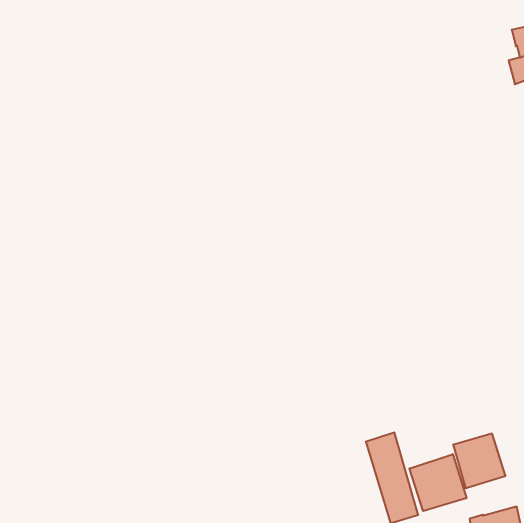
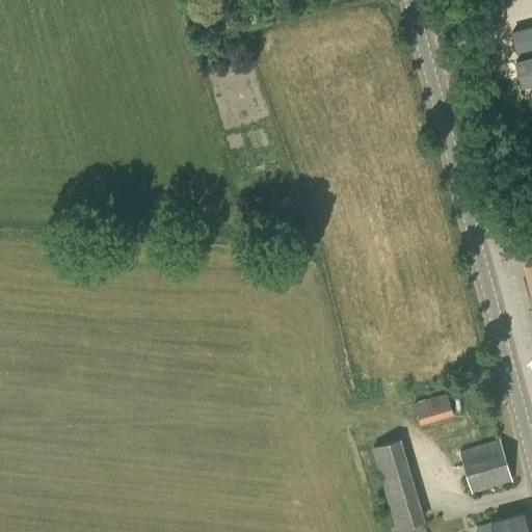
building: none -> [414,395,454,426]
building: [409,454,466,511] -> none

